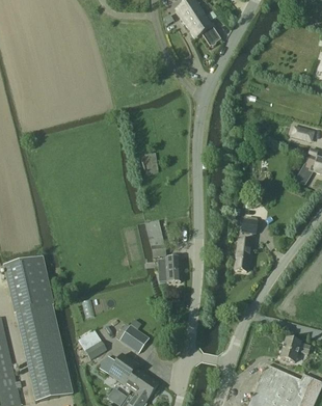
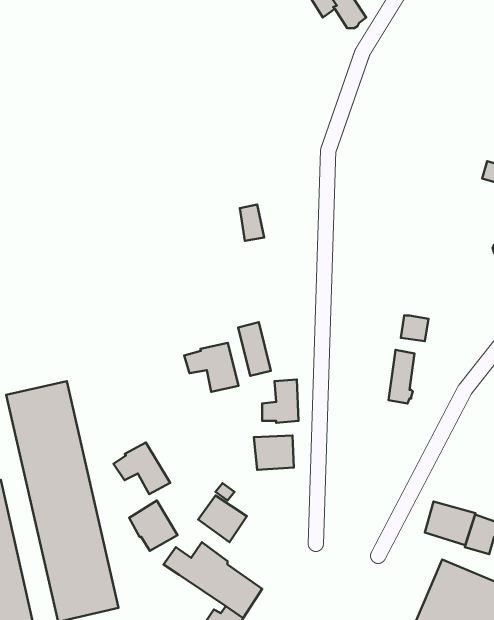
building: none -> [184,343,239,392]
building: none -> [254,435,294,470]
building: none -> [114,442,170,494]
building: none -> [425,502,475,545]

